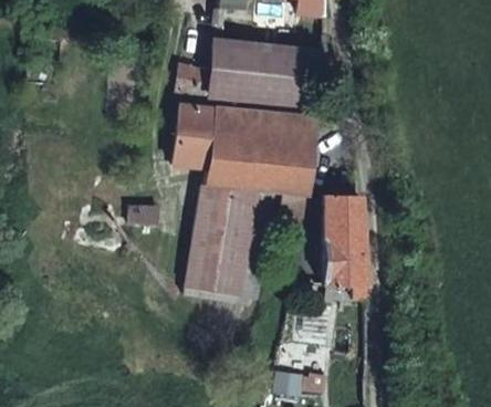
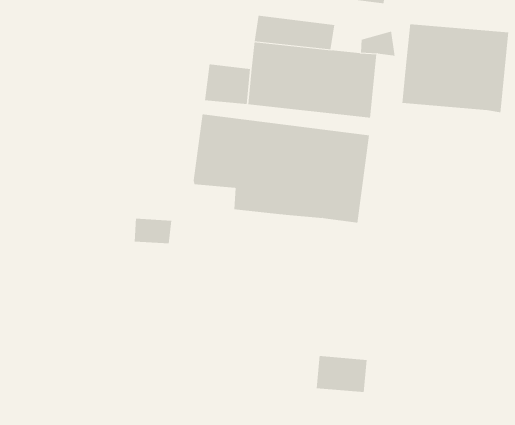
building: none -> [402,23,509,113]
building: [196,191,247,316] -> none
building: [326,198,366,293] -> none

